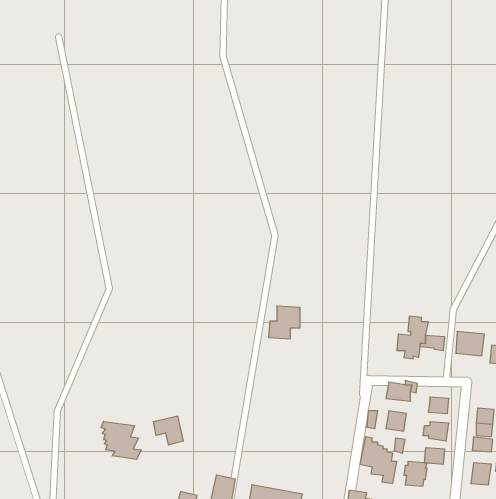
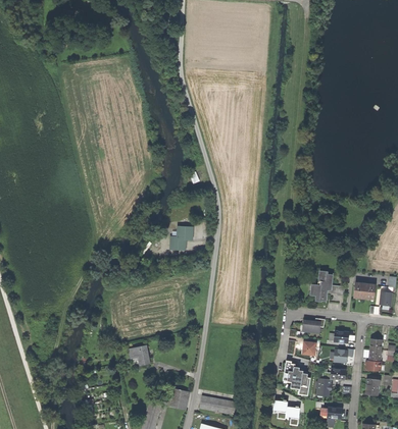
building: [269,306,300,339] -> [169,225,193,250]
building: [101,421,141,459] -> none

